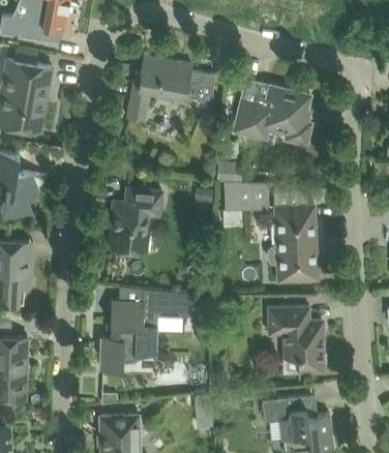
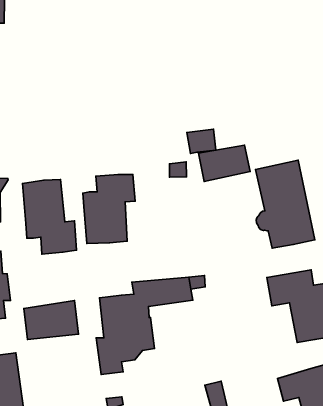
building: [127,57,215,122] -> none
building: [234,86,311,145] -> none
building: none -> [23,179,77,254]
building: none -> [24,301,78,340]

